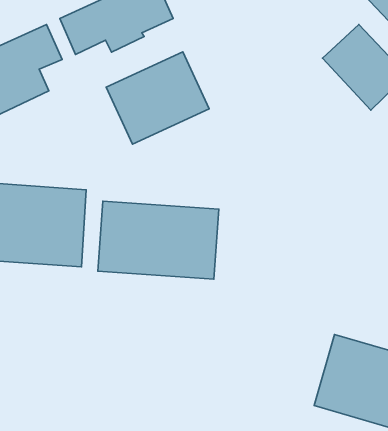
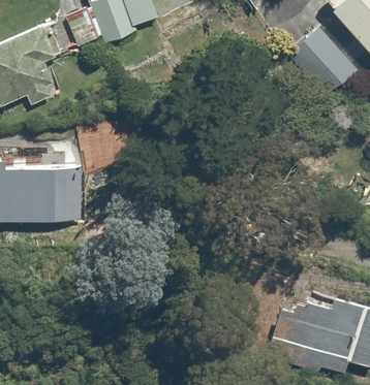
building: [106,52,209,144] -> none
building: [98,201,219,279] -> none

